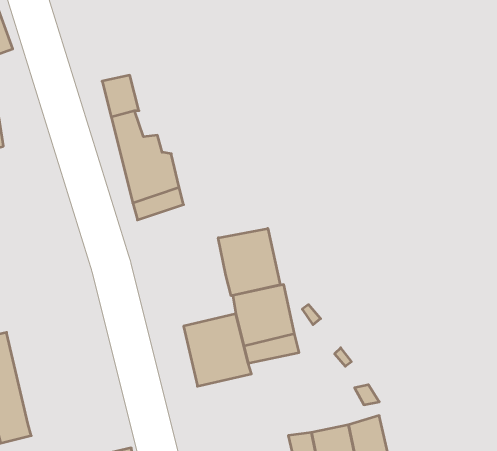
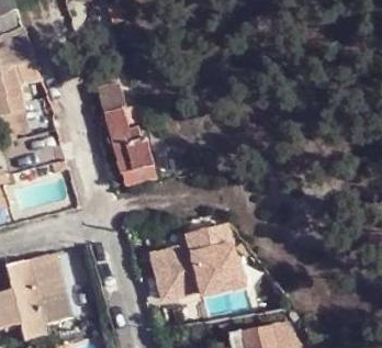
building: [218,228,280,296] -> none
building: none -> [27,254,70,326]

